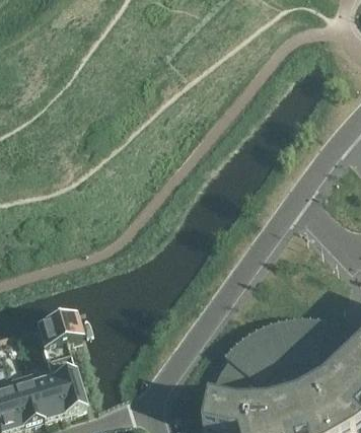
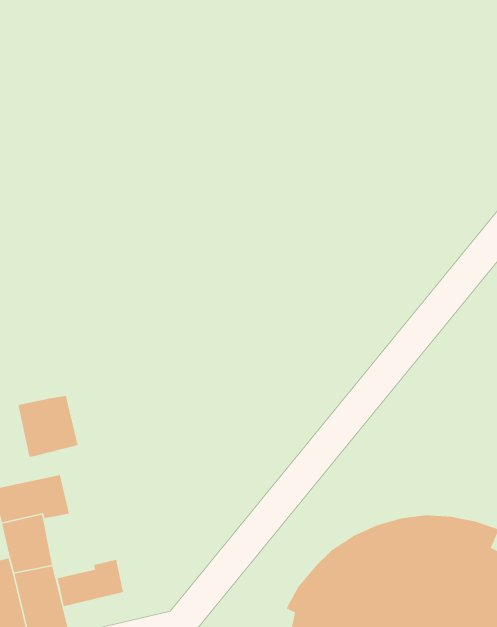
building: none -> [18,395,78,458]
building: none -> [57,559,124,607]

